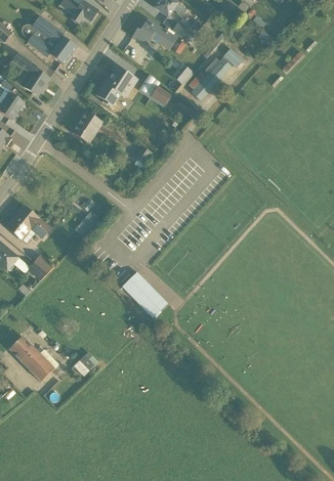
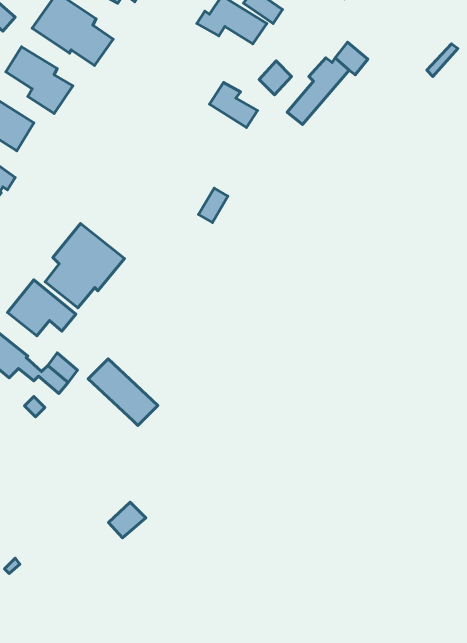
building: [94,65,137,107] -> none
building: [71,111,102,142] -> none
building: none -> [45,223,125,308]
building: [121,274,167,318] -> [88,359,158,426]
building: [8,336,57,381] -> none

